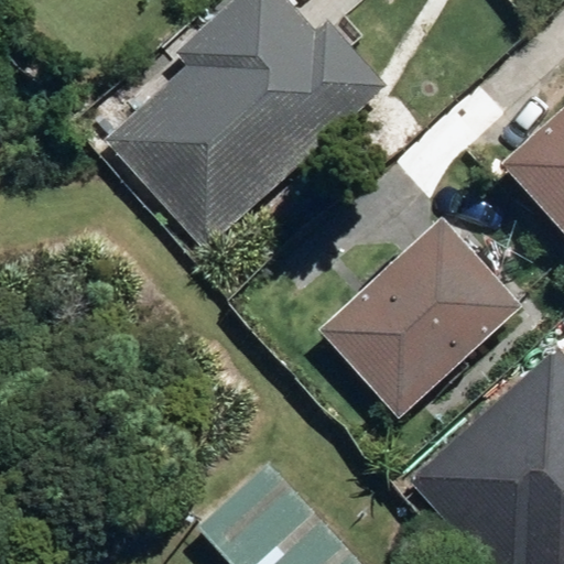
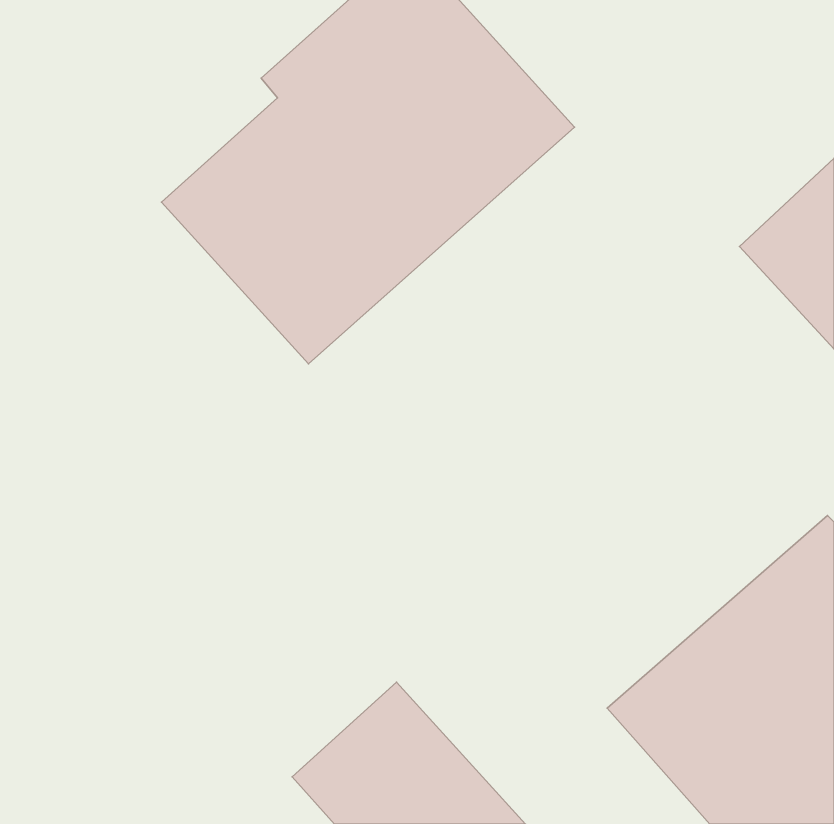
building: [318,219,521,419] -> none

